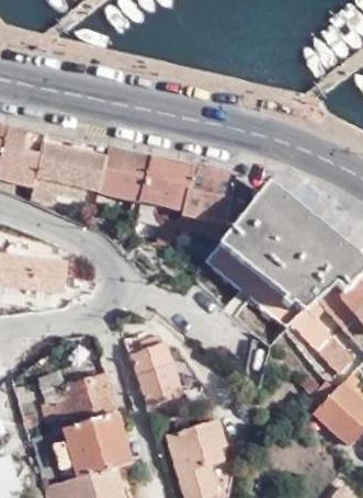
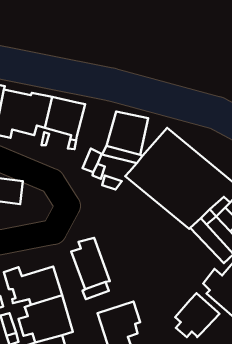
building: [138,157,191,210] -> none
building: none -> [175,293,219,337]

